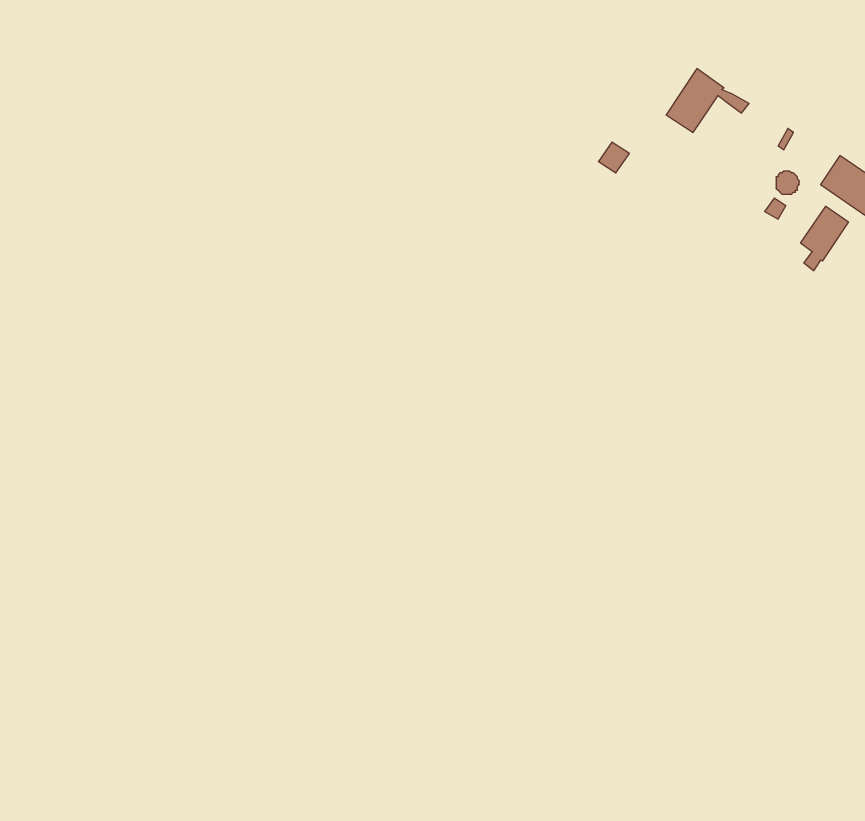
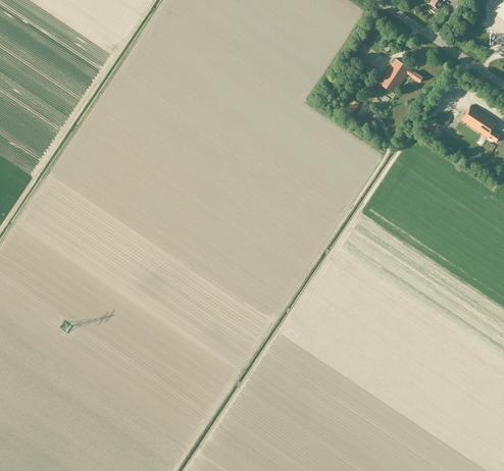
building: [801,206,848,271] -> none

